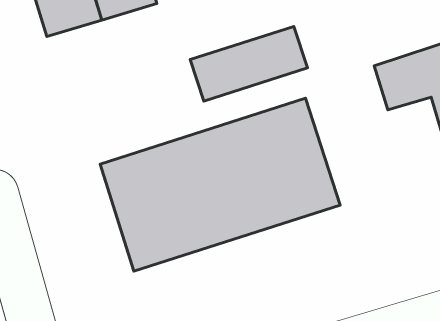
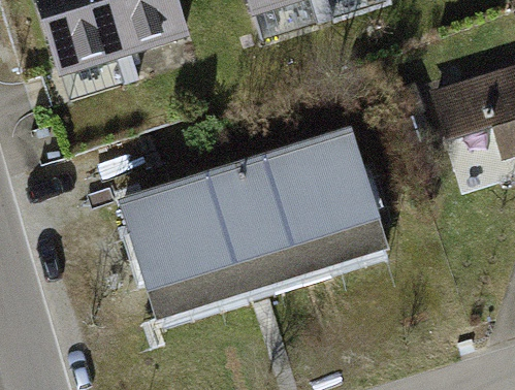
building: [190,26,308,101] -> none

